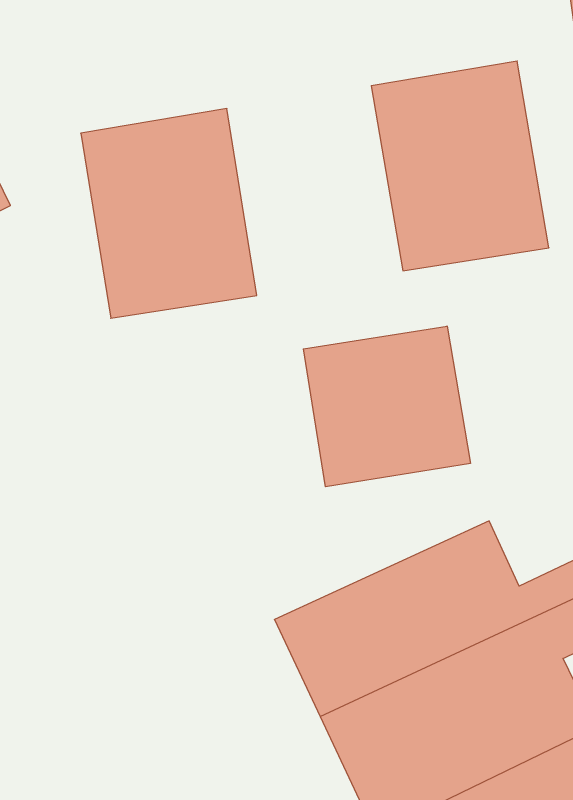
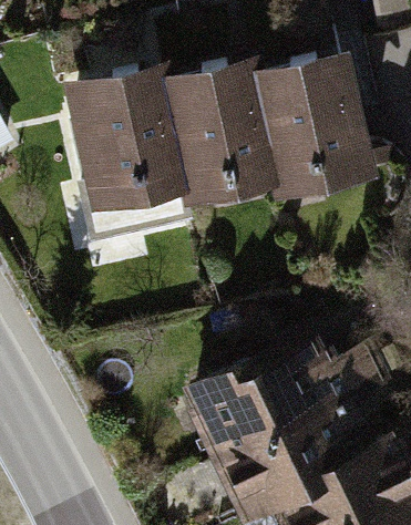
building: none -> [162,69,273,200]
building: [303,326,470,487] -> none

